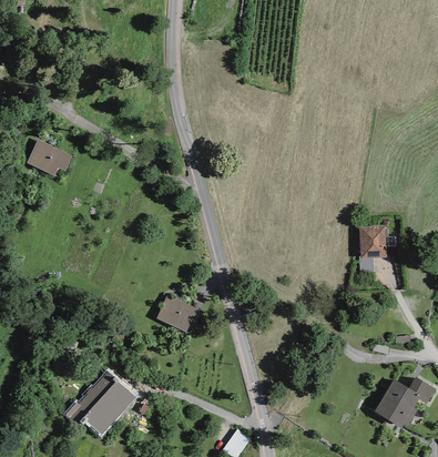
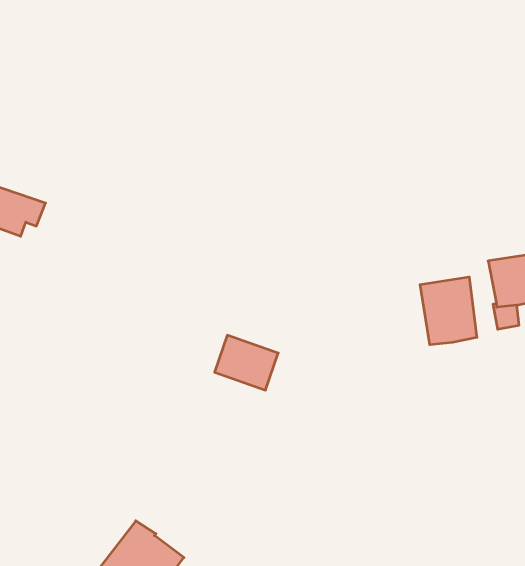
building: none -> [420,277,477,345]
building: [156,294,200,333] -> [215,335,278,390]

